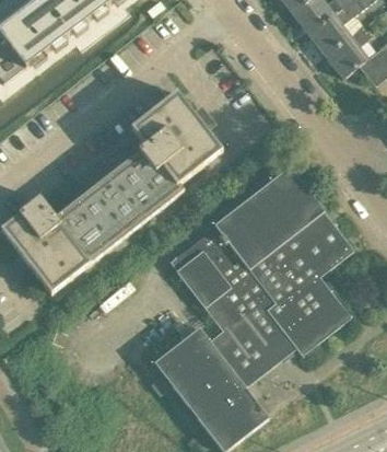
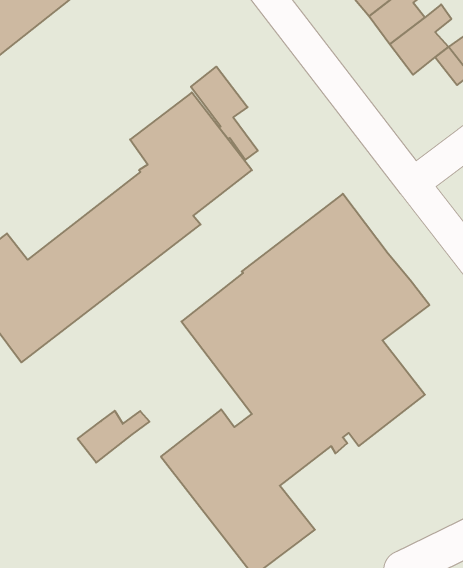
building: none -> [191,67,258,160]
building: none -> [78,411,149,463]

